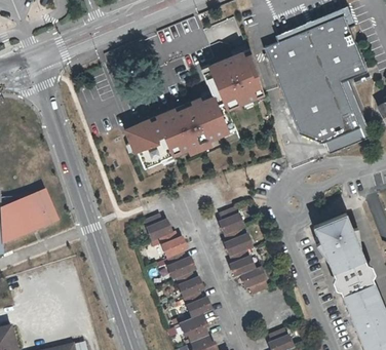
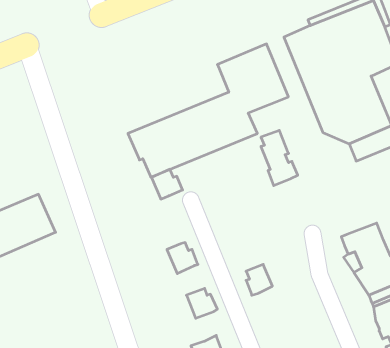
building: [219,205,252,255] -> [261,130,298,186]
building: [144,211,171,238] -> [152,169,183,199]
building: [167,249,195,277] -> none
building: [241,266,268,293] -> none
building: [185,290,213,317] -> none

